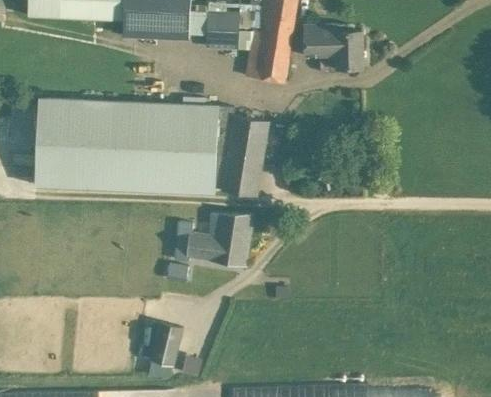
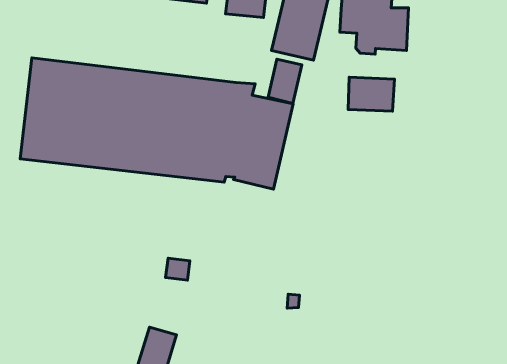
building: none -> [268,59,302,104]
building: none -> [348,77,394,111]
building: [172,214,252,265] -> none

